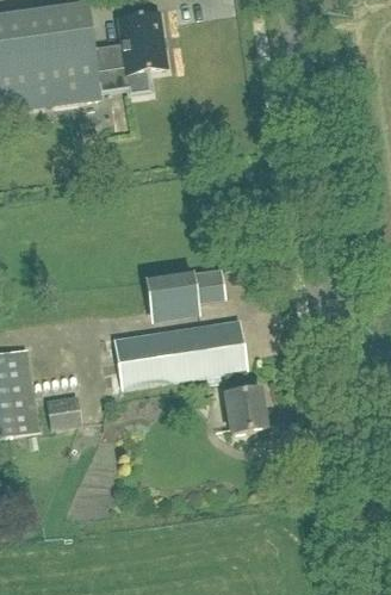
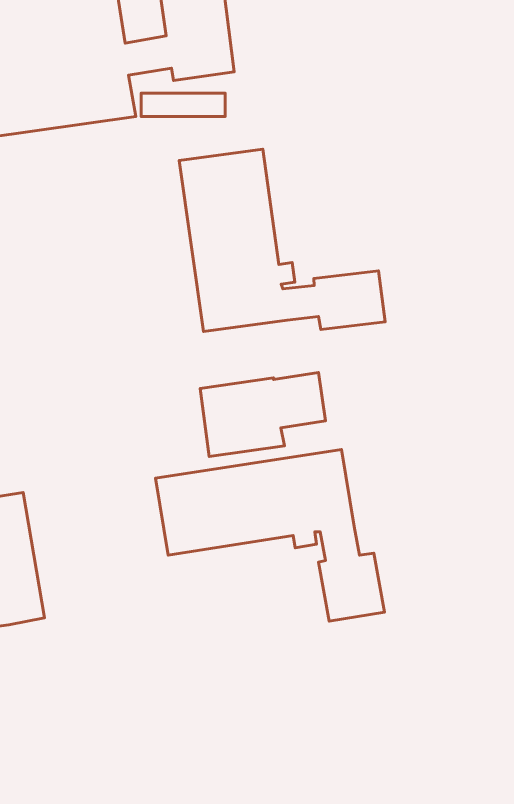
building: none -> [179,149,385,332]
building: [44,395,81,432] -> none

